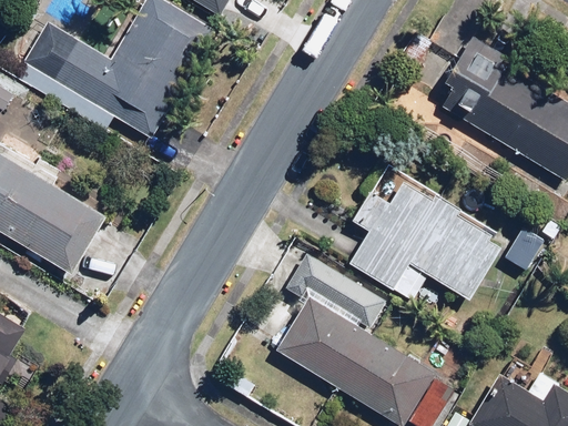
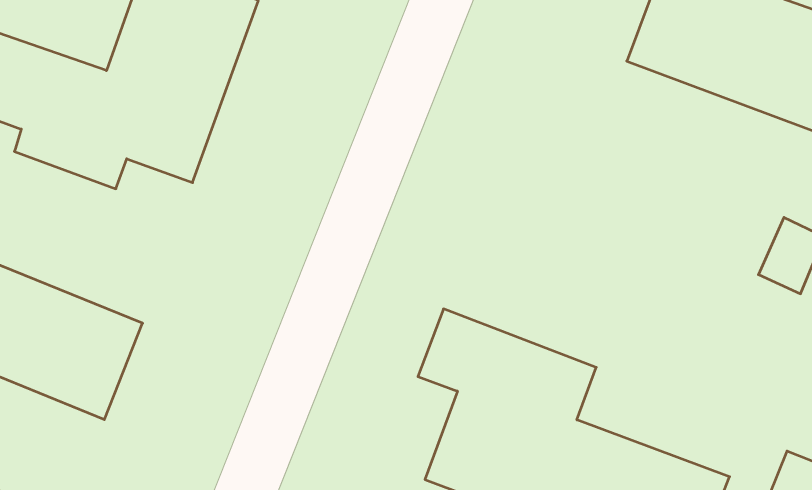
building: [345,163,507,302] -> none

